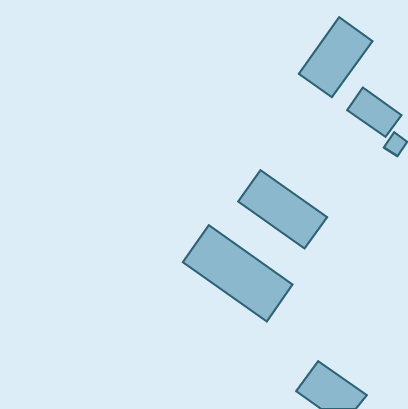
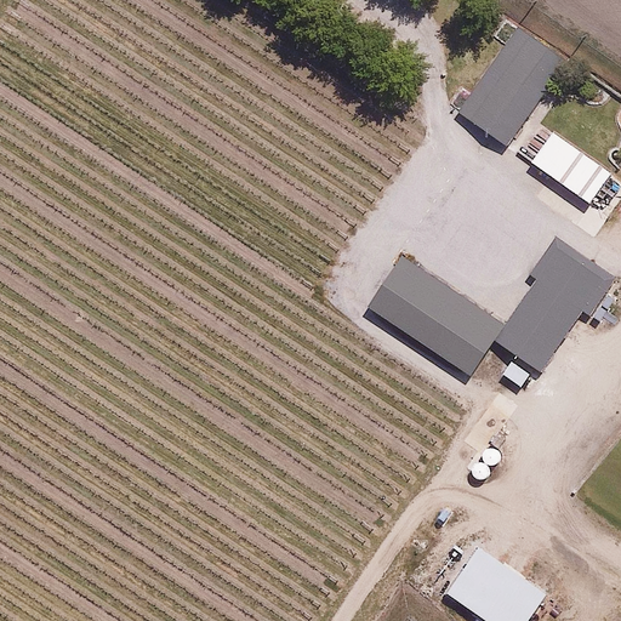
building: none -> [495,246,608,374]
building: [183,225,293,322] -> none

